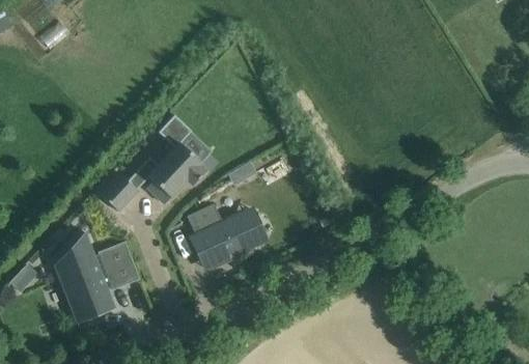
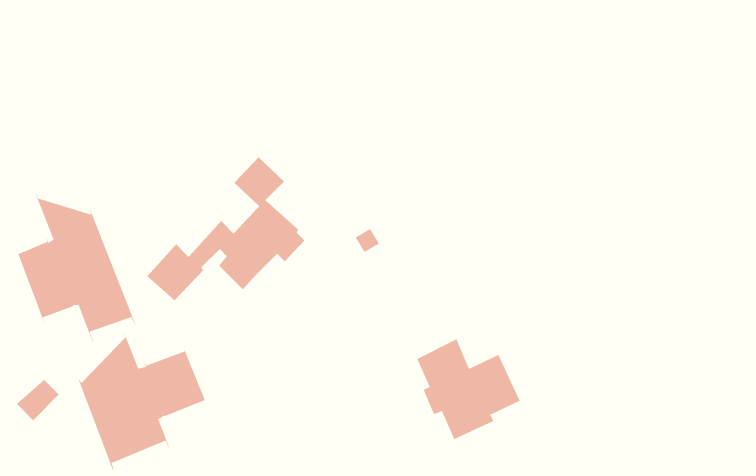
building: none -> [16,193,137,342]
building: [187,202,256,270] -> [417,339,521,440]

